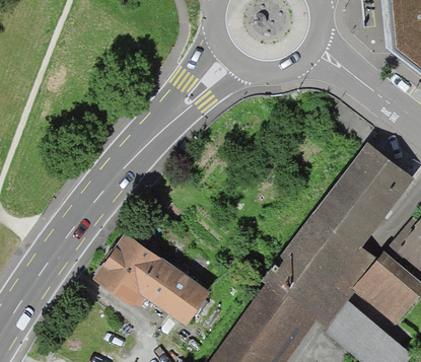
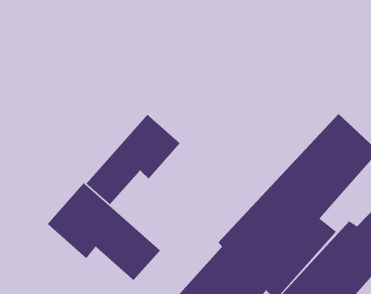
building: none -> [85,114,181,205]

